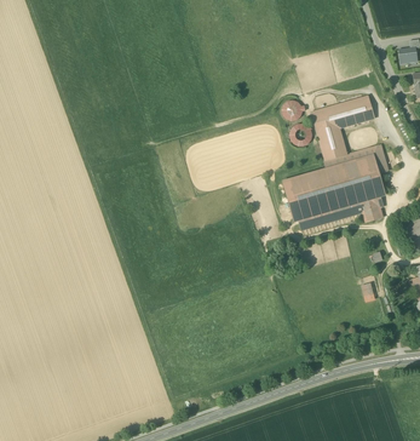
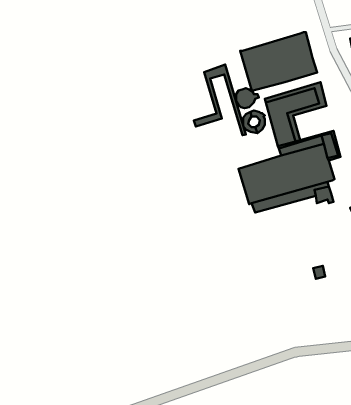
building: none -> [240,32,317,91]
building: none -> [194,64,246,135]

